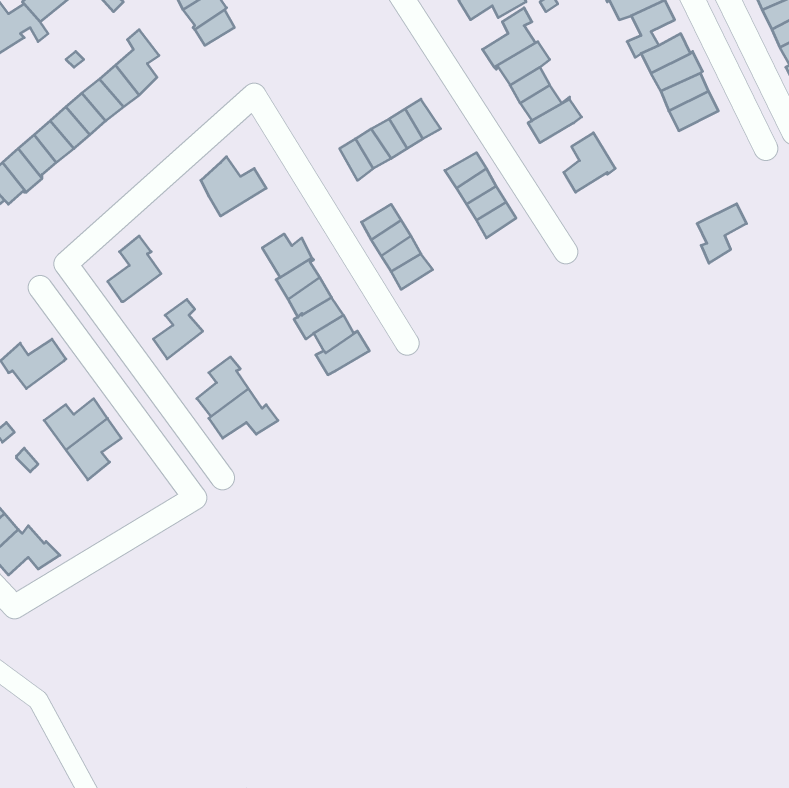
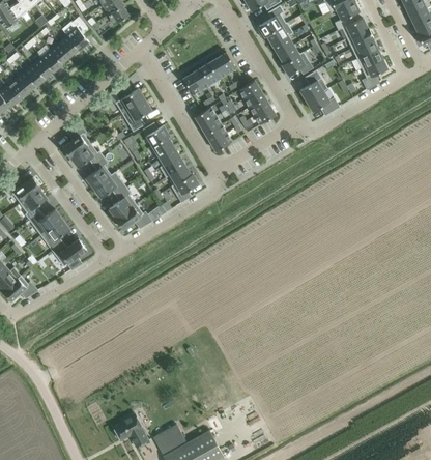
building: none -> [307,91,339,115]
building: none -> [122,99,151,133]
building: [697,204,747,263] -> [361,59,386,90]
building: none -> [70,144,104,168]
building: none -> [93,172,126,199]
building: none -> [20,190,47,221]
building: none -> [52,239,86,269]

